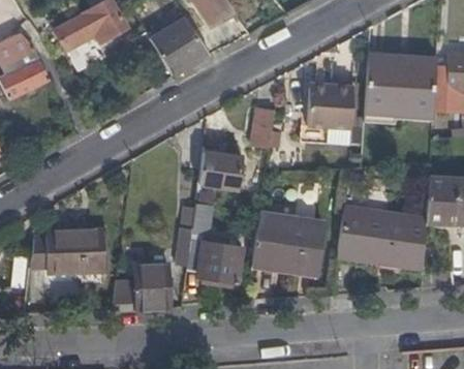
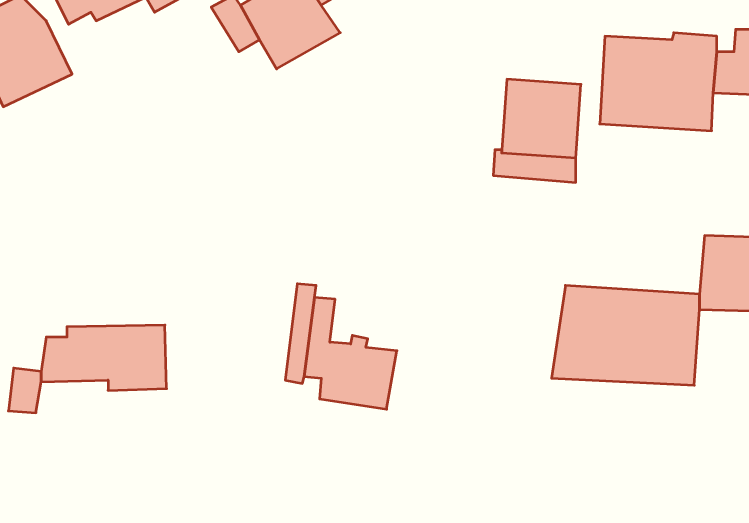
building: [248,107,276,147] -> none
building: [195,151,243,207] -> none
building: [252,214,326,276] -> none
building: [111,263,171,310] -> none

